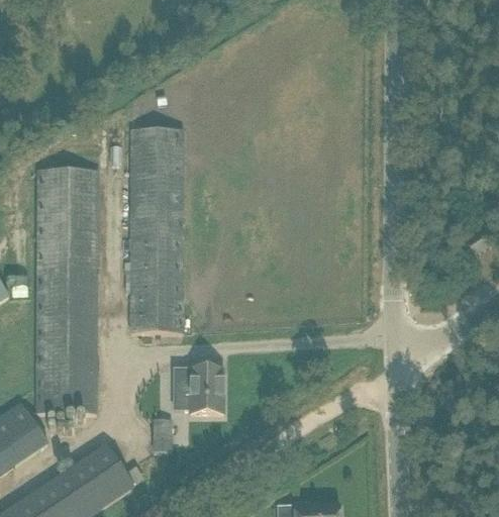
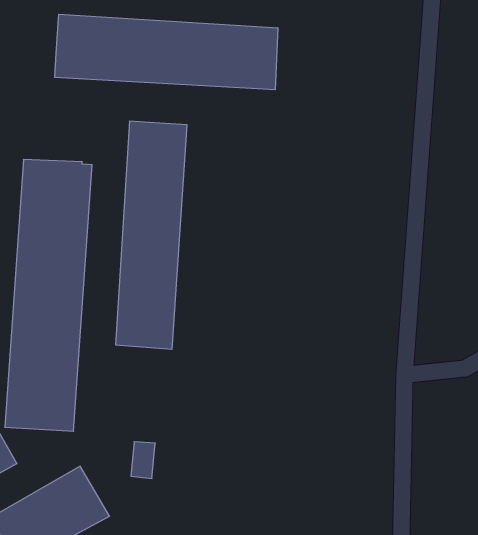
building: none -> [55,14,278,90]
building: [174,369,222,413] -> none

